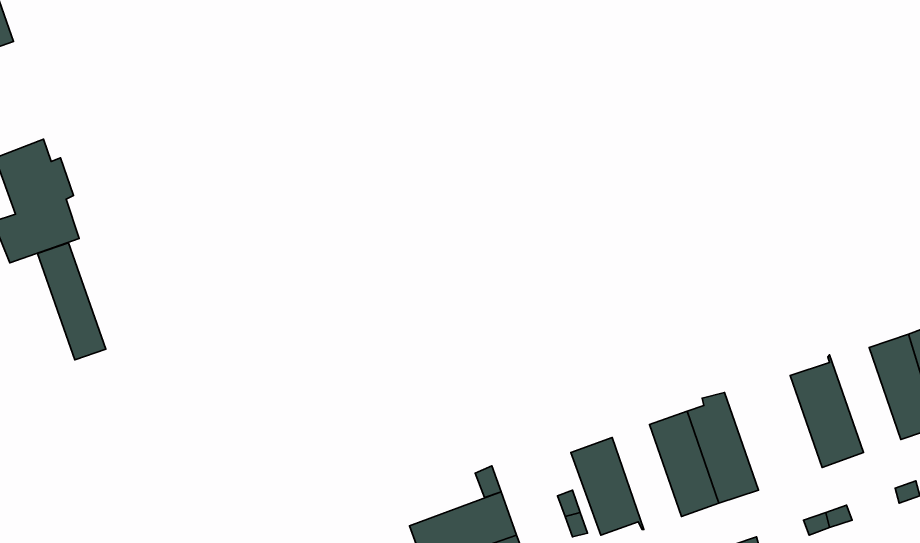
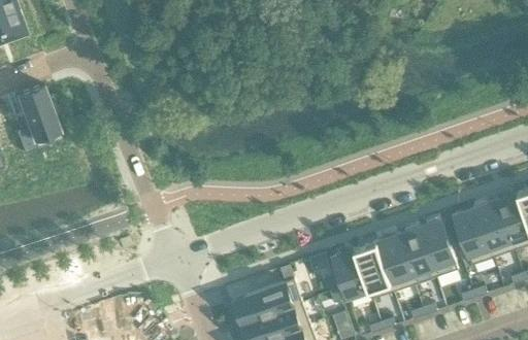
building: [38,243,106,360] -> none
building: none -> [473,199,513,257]
building: none -> [416,215,456,277]
building: none -> [354,241,392,299]

